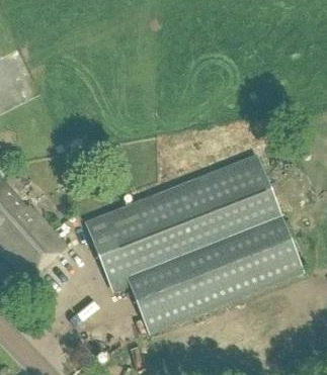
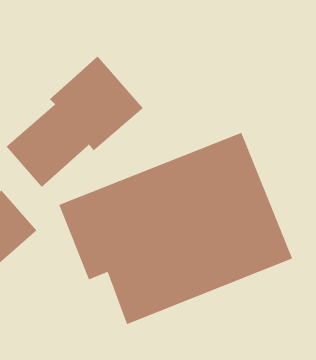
building: none -> [5,56,144,188]

